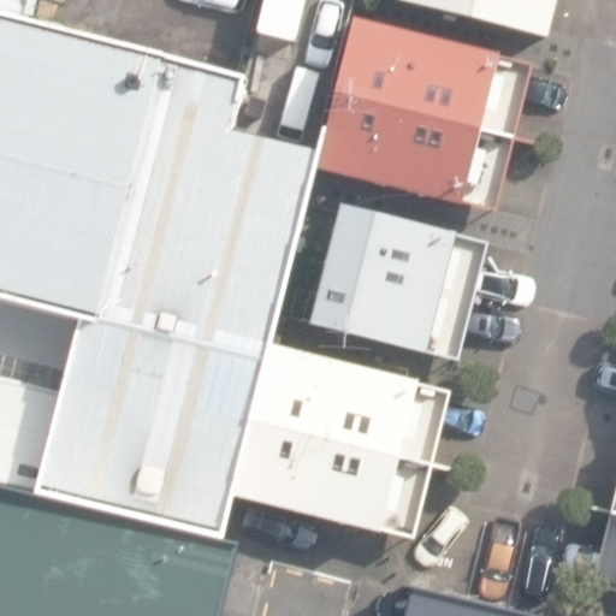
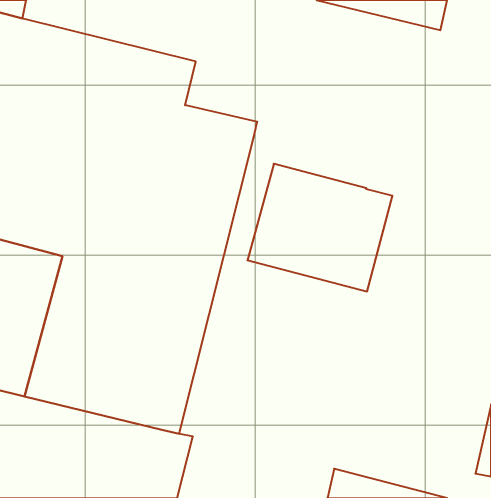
building: [314,17,531,211] -> none
building: [232,343,449,539] -> none

